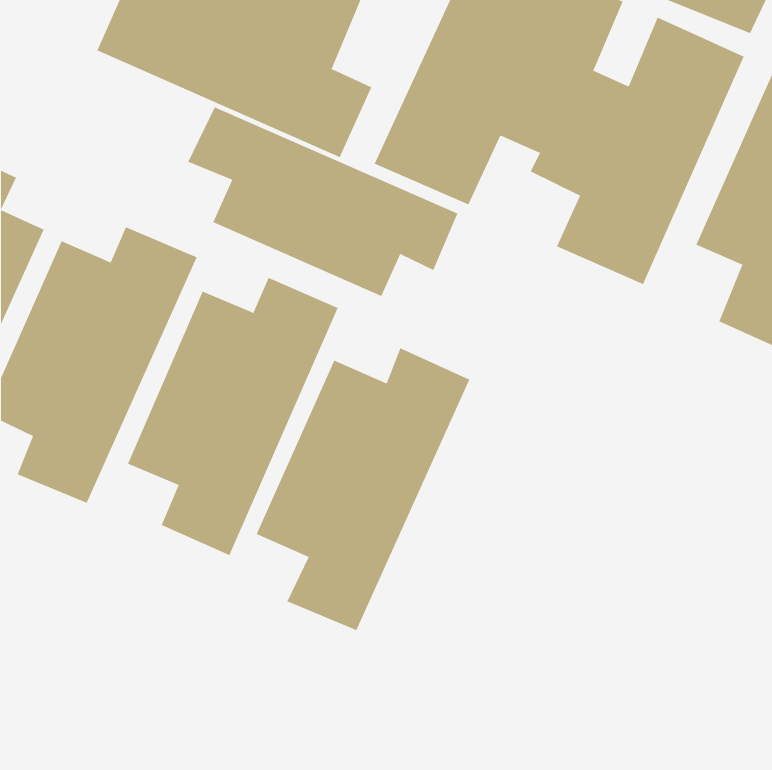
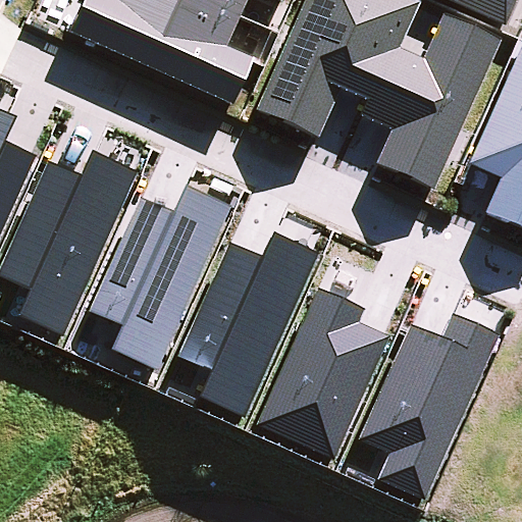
building: [188,106,458,297] -> none
building: none -> [257,283,392,461]
building: none -> [361,314,499,501]

